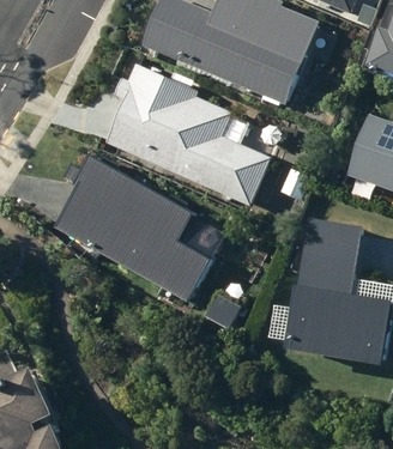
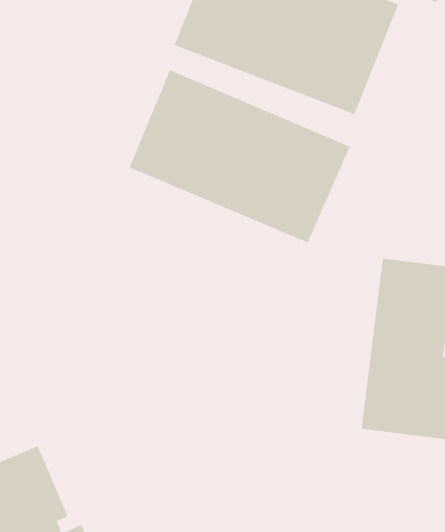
building: [52,156,214,301] -> none

